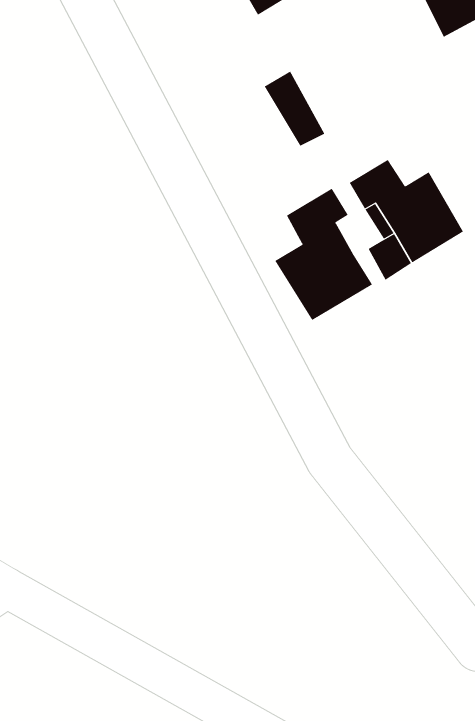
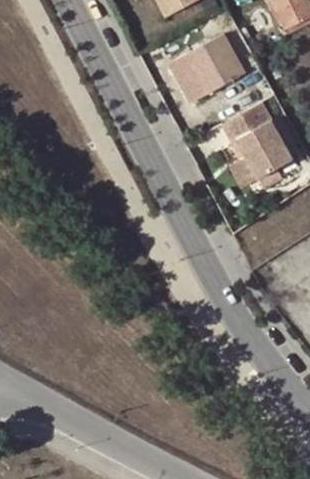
building: none -> [188,30,249,92]
building: [275,188,373,321] -> none

